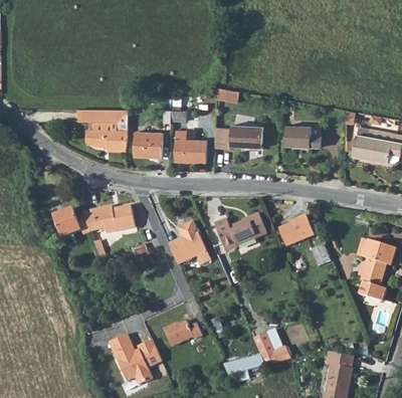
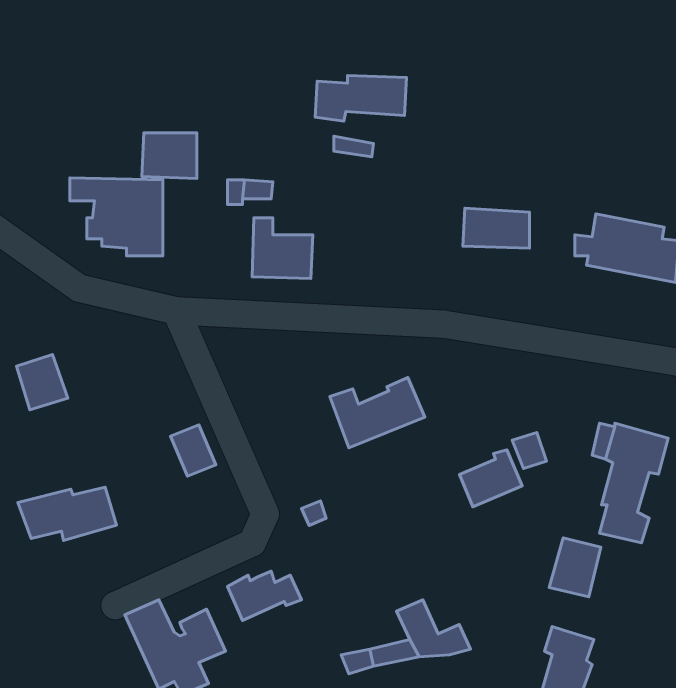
building: [215,126,263,150] -> [315,75,406,121]
building: [134,133,163,157] -> [142,133,197,178]
building: [83,203,136,231] -> [18,487,117,541]
building: [280,216,314,246] -> [459,450,522,507]
building: [169,221,210,265] -> none
building: none -> [549,538,601,597]

